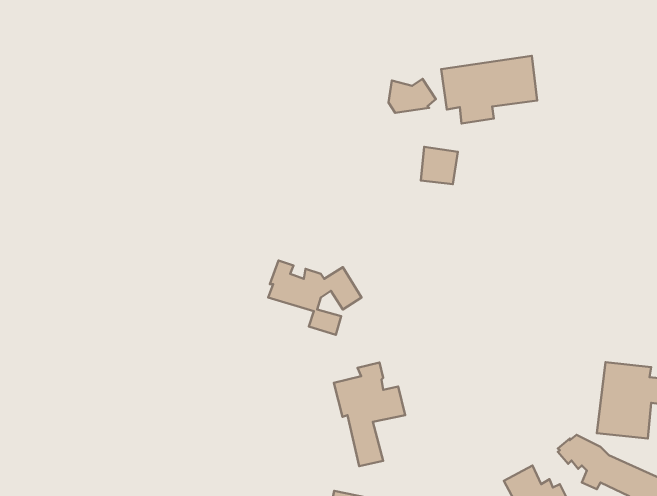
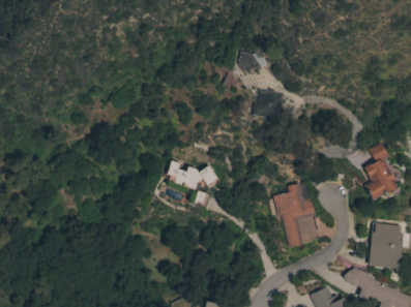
building: [441,56,537,124] -> none
building: none -> [362,143,398,201]
building: [334,363,405,466] -> [273,184,317,247]

